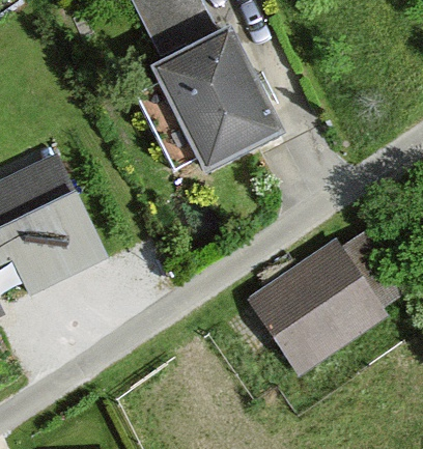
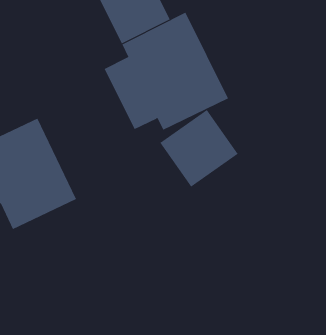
building: none -> [160,109,239,188]
building: [245,231,404,374] -> none

